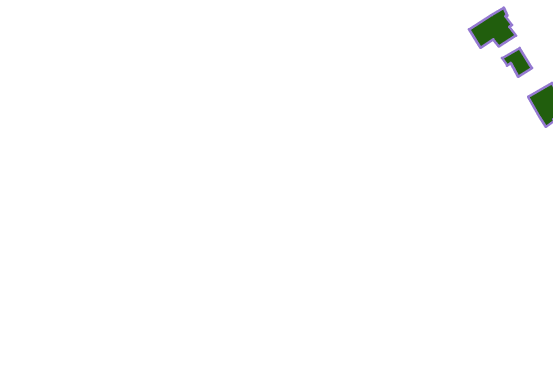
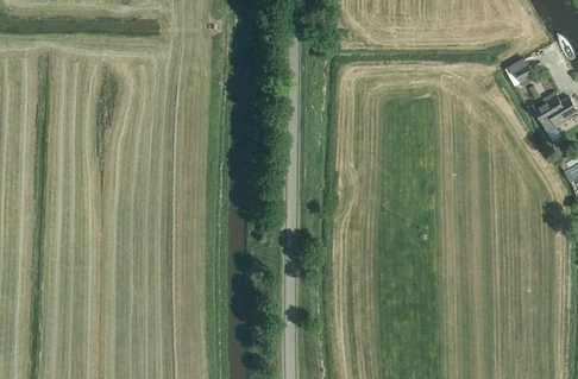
building: [469,8,516,48] -> none

